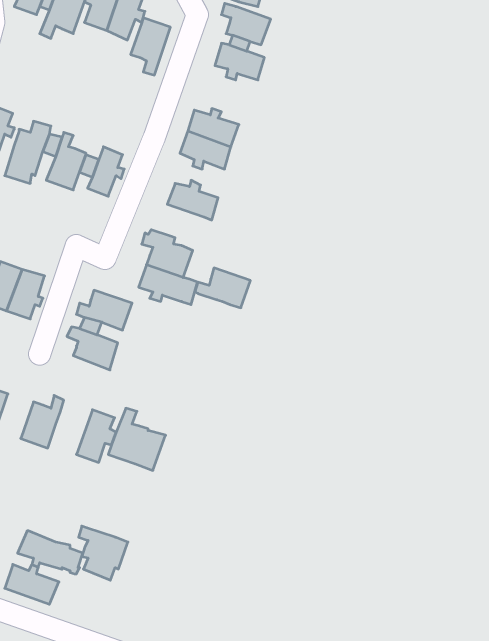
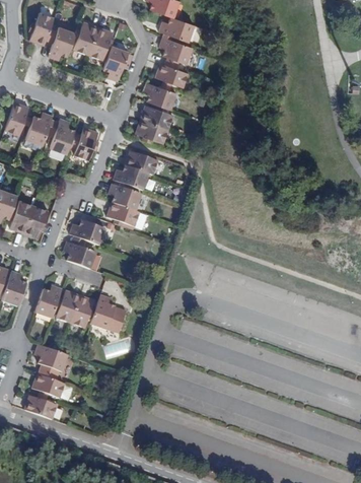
building: none -> [143,79,175,108]
building: [195,268,250,308] -> [114,163,149,189]
building: none -> [55,290,78,323]
building: [79,526,128,580] -> [34,344,66,378]

